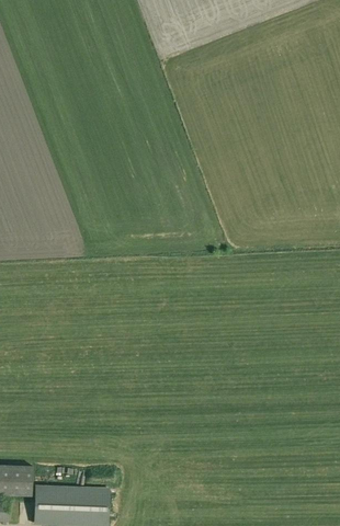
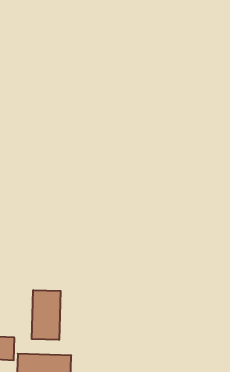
building: none -> [32,290,61,340]

